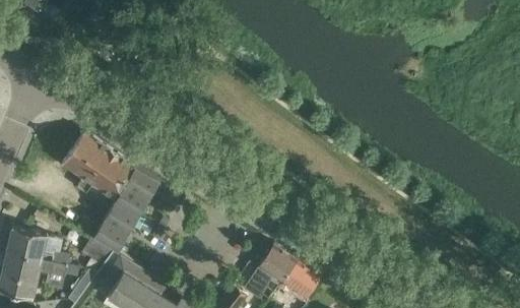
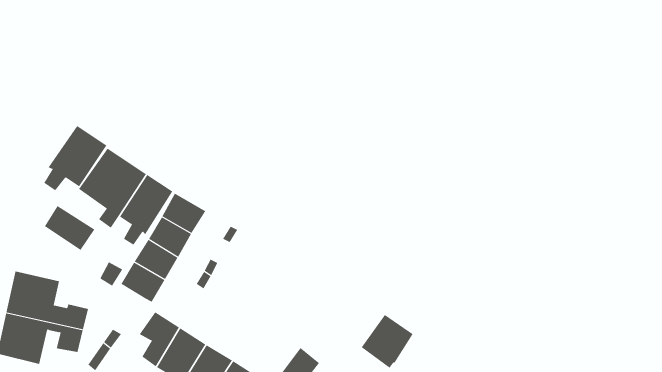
building: none -> [43,125,107,191]
building: none -> [44,205,95,251]
building: [81,237,114,265] -> none
building: [243,244,297,299] -> none

